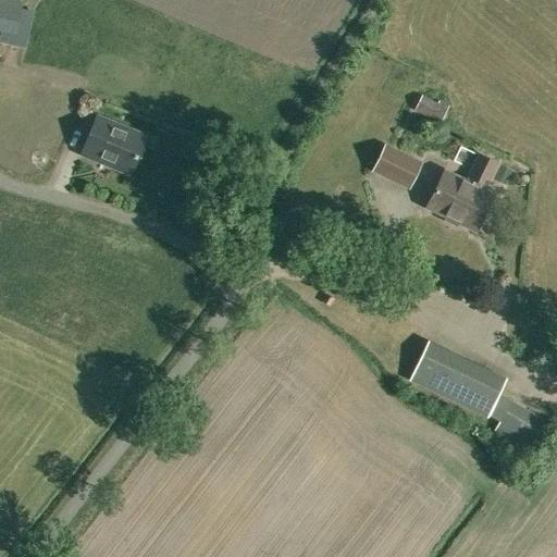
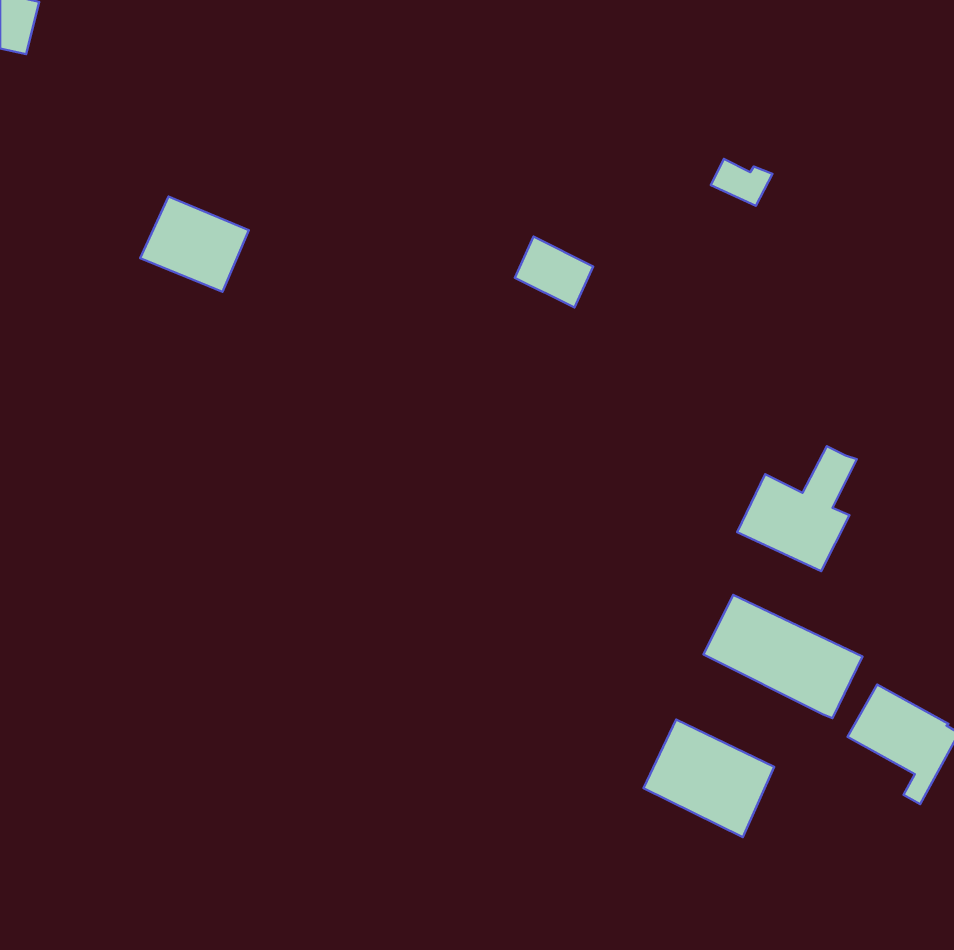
building: [375,144,421,185] -> [515,237,593,308]
building: [429,153,498,226] -> [737,446,857,571]
building: none -> [643,719,774,837]

